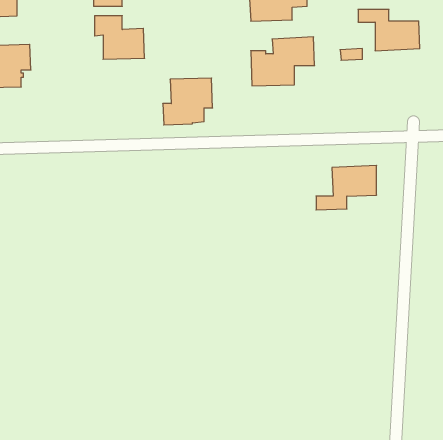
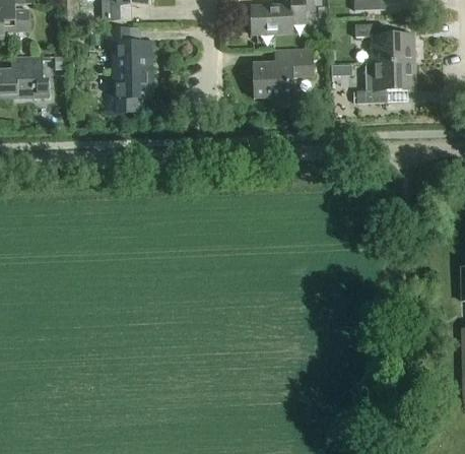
building: [163,78,213,125] -> [105,69,152,114]
building: [316,165,377,210] -> [356,60,414,103]

